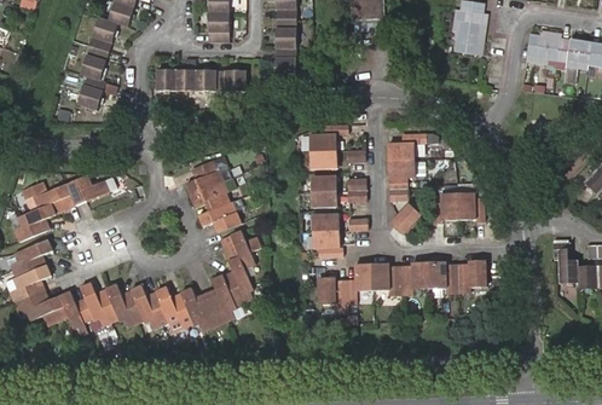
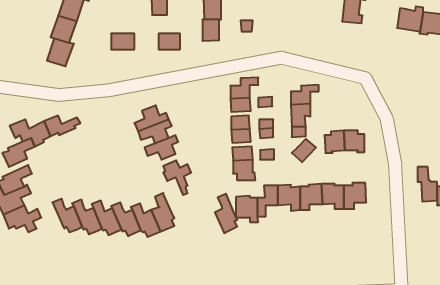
building: [186,68,218,88] -> none
building: [225,254,254,305] -> [215,194,237,233]
building: [54,290,93,334] -> none

